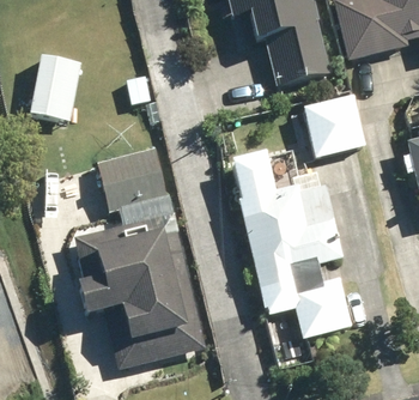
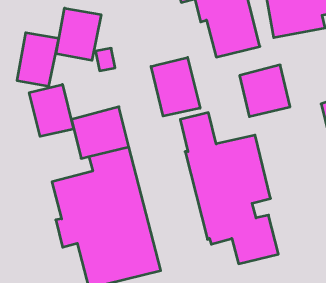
building: none -> [56,8,101,60]
building: none -> [151,57,200,116]
building: none -> [29,84,74,136]

